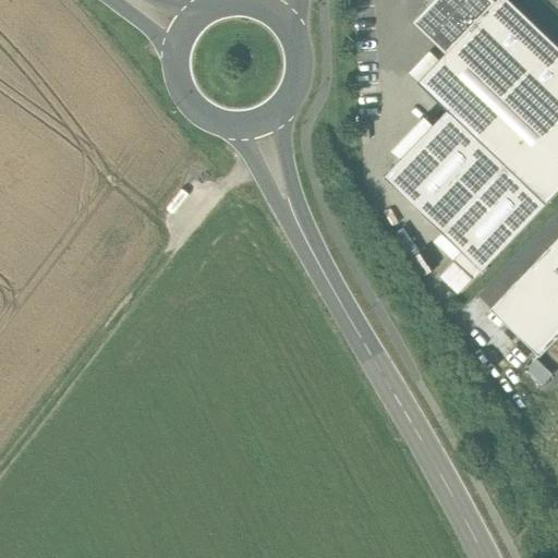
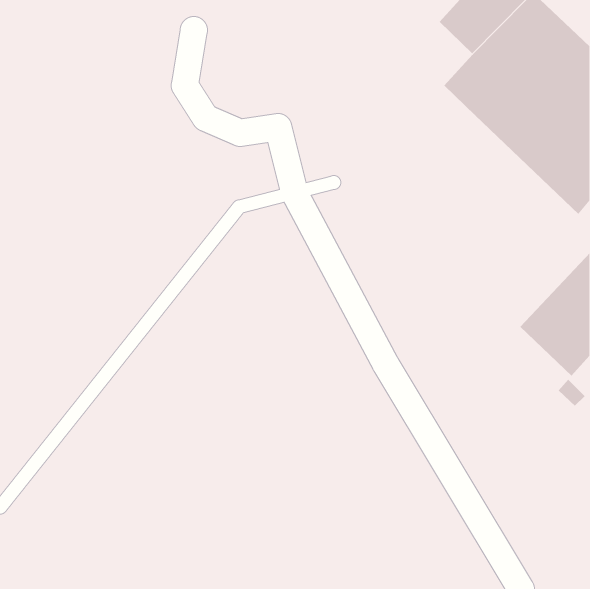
building: [385,109,546,294] -> none

